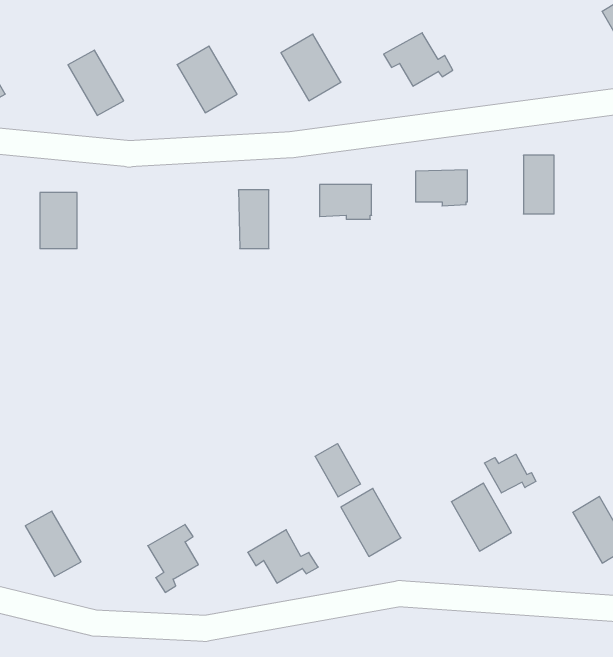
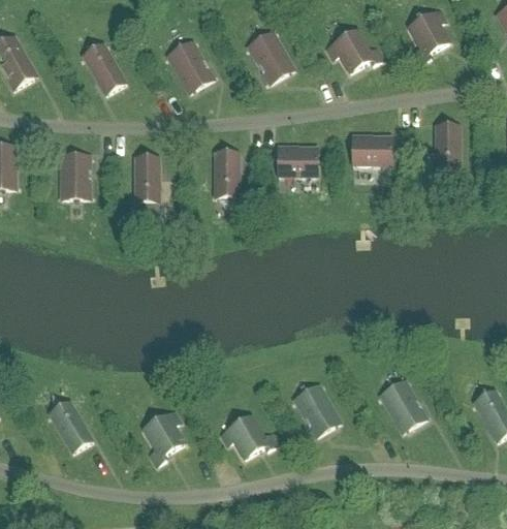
building: none -> [409,8,448,61]
building: none -> [134,156,158,201]
building: [315,444,360,497] -> none
building: [484,454,536,493] -> none

